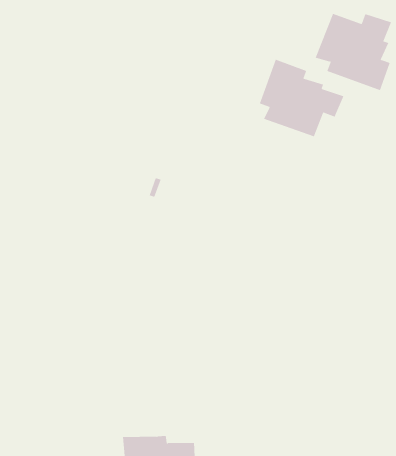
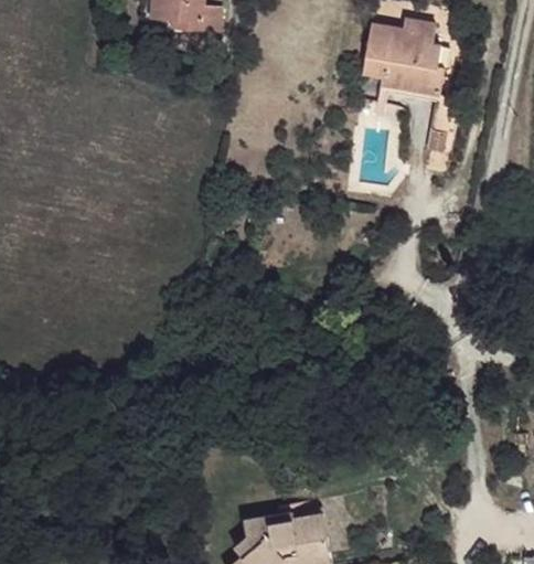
building: [259,59,344,137] -> none

